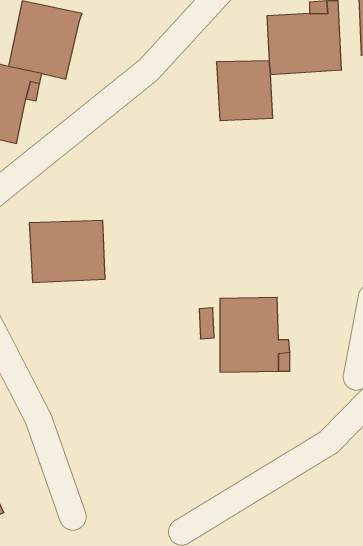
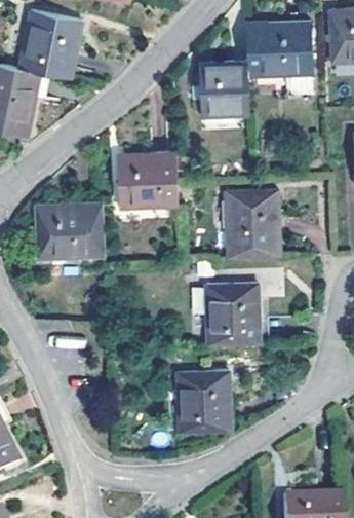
building: none -> [114,152,181,207]
building: none -> [227,189,280,256]
building: none -> [176,368,231,429]

